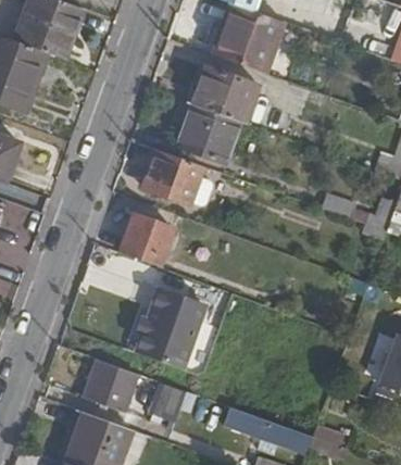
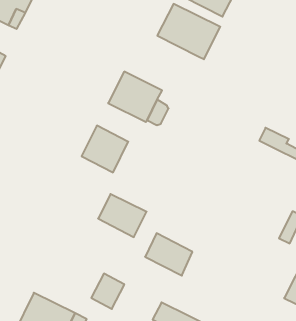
building: [174,98,239,160] -> none
building: [137,317,190,362] -> [145,233,192,276]
building: [83,356,135,411] -> none

